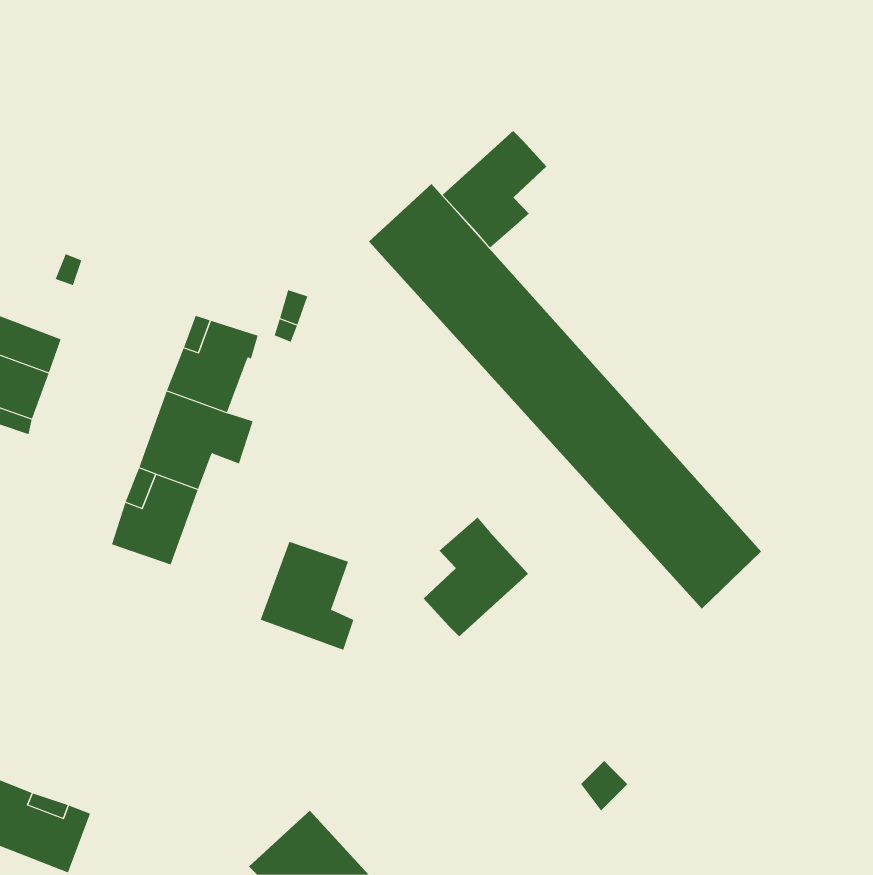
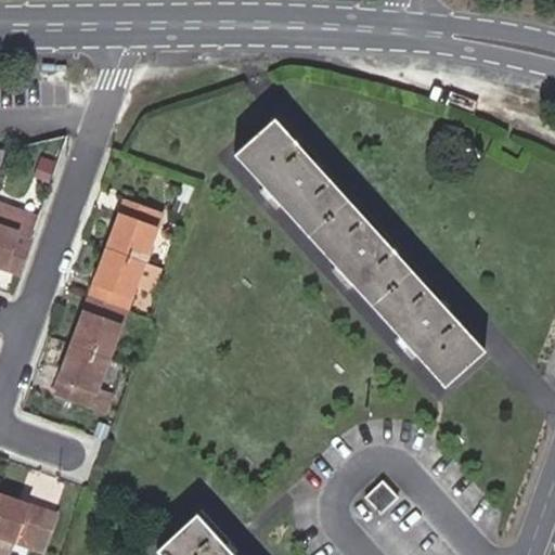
building: [442,130,547,248] -> none
building: [423,517,529,637] -> none
building: [260,541,354,651] -> [52,345,112,414]

